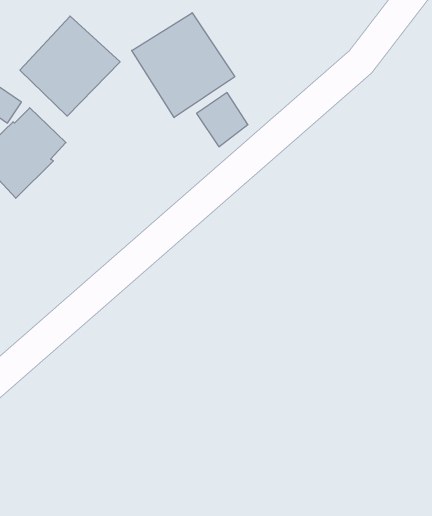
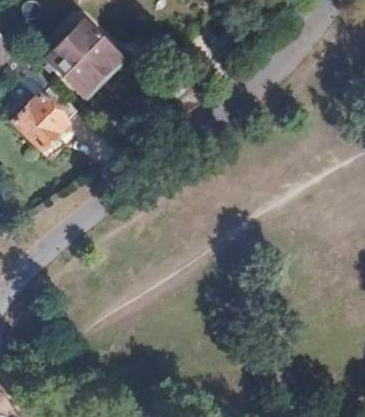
building: [132,13,235,118] -> none

